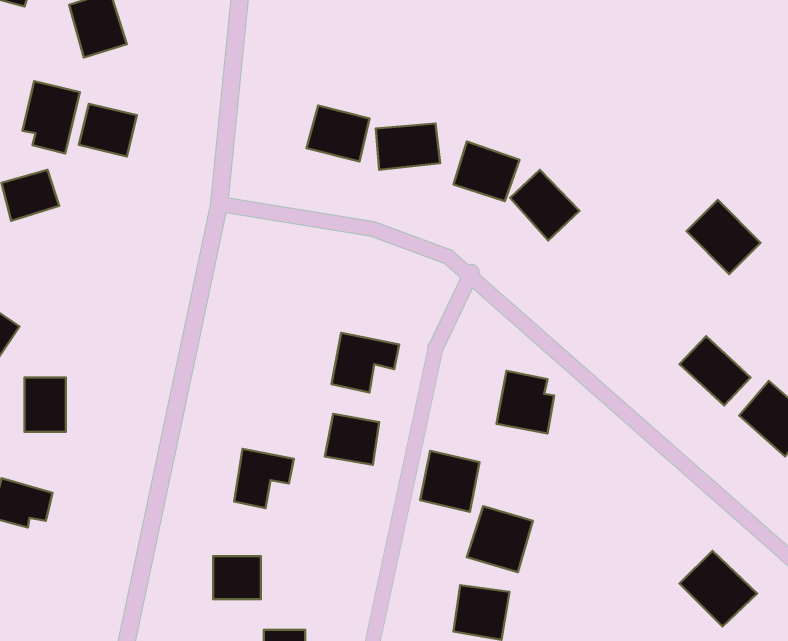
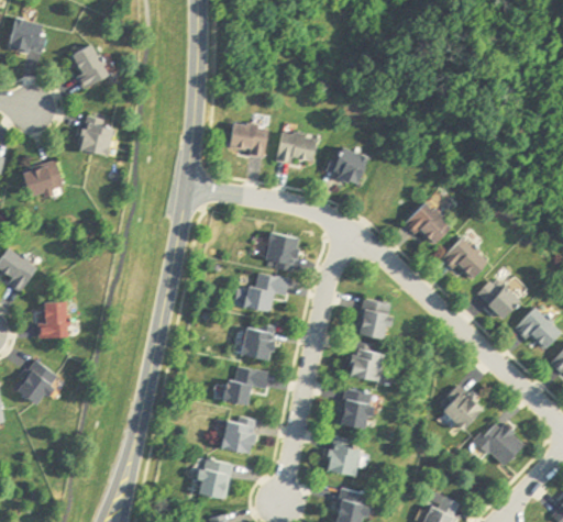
building: [22,81,80,154] -> none
building: [510,170,580,241] -> [404,201,450,248]
building: [686,200,761,274] -> [440,234,489,284]
building: none -> [263,232,301,270]
building: [234,449,294,508] -> [228,366,267,406]
building: [420,451,480,512] -> [347,342,387,382]
building: none -> [444,388,488,432]
building: [213,556,261,599] -> [222,423,254,452]

